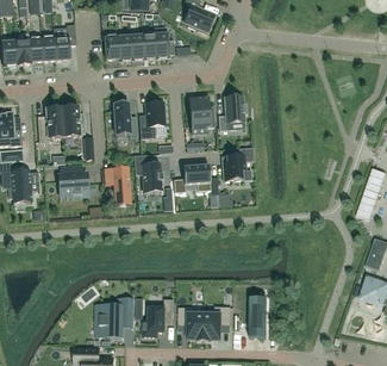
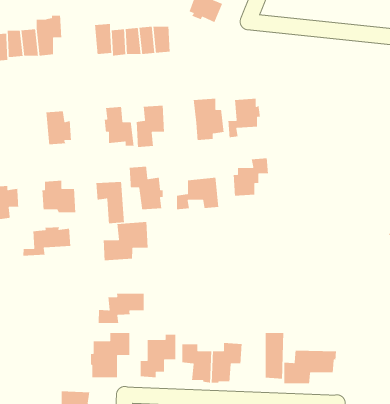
building: [37,107,64,142] -> none
building: none -> [103,221,149,261]
building: none -> [22,227,71,256]
building: none -> [98,293,144,324]
building: none -> [283,350,337,384]

